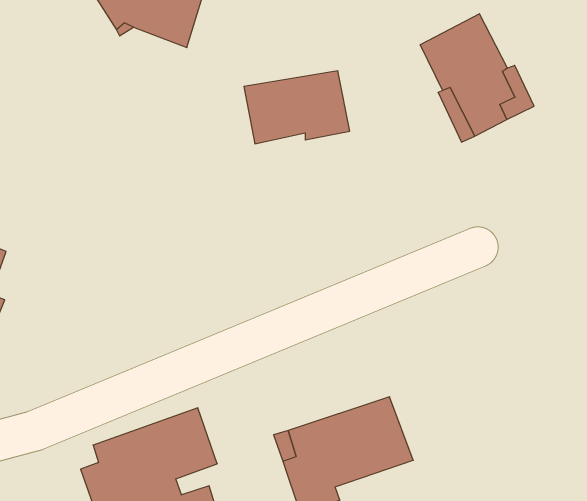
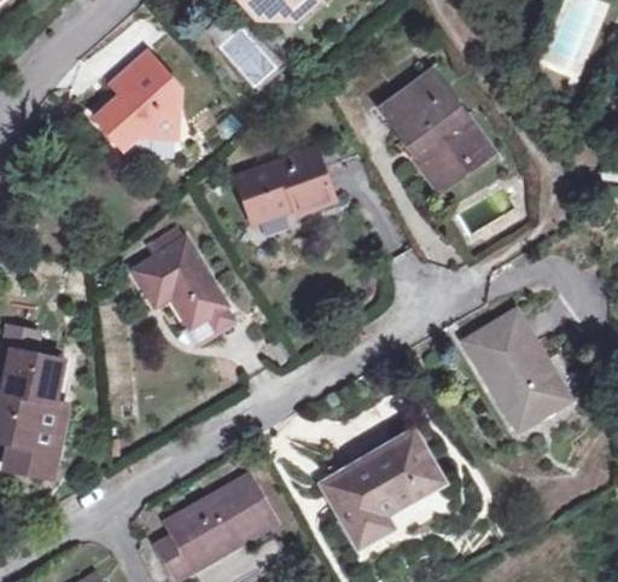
building: none -> [138,243,232,328]
building: none -> [456,310,559,424]

